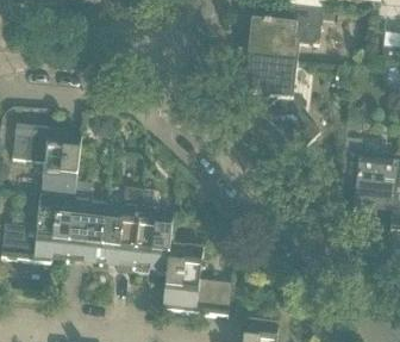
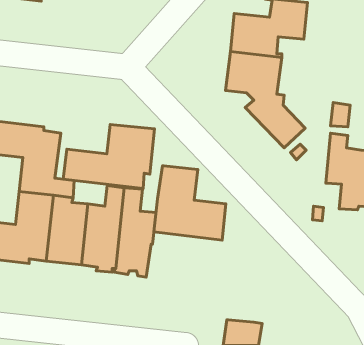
building: none -> [63,125,155,188]
building: [162,242,232,315] -> [154,166,226,240]

